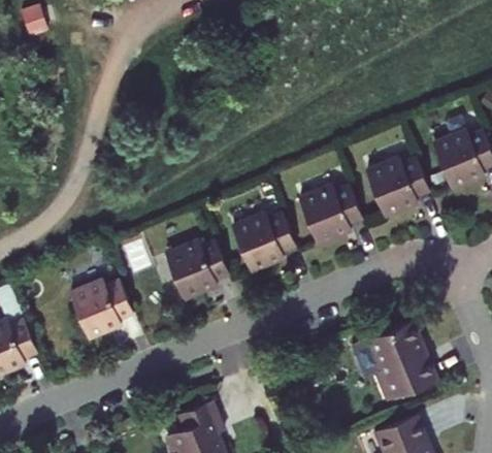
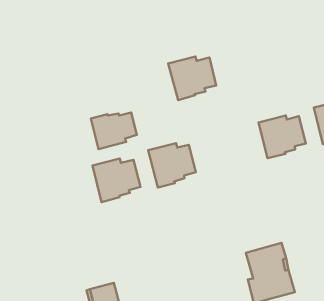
building: none -> [91,113,137,149]
building: [298,186,362,245] -> [168,56,216,100]
building: [69,282,133,339] -> none

